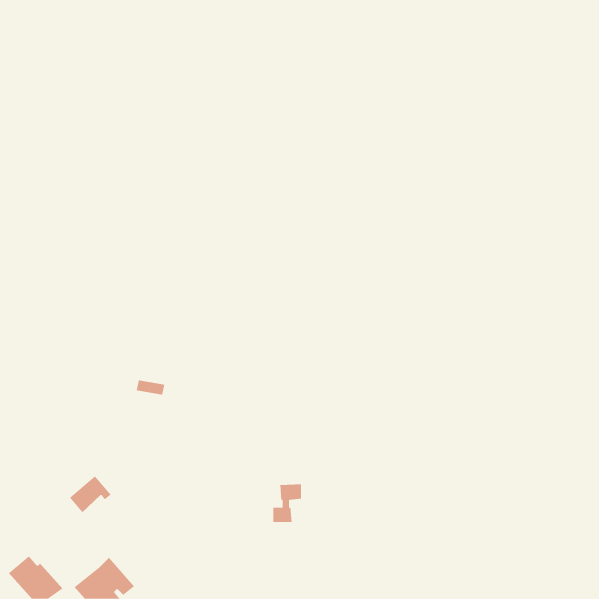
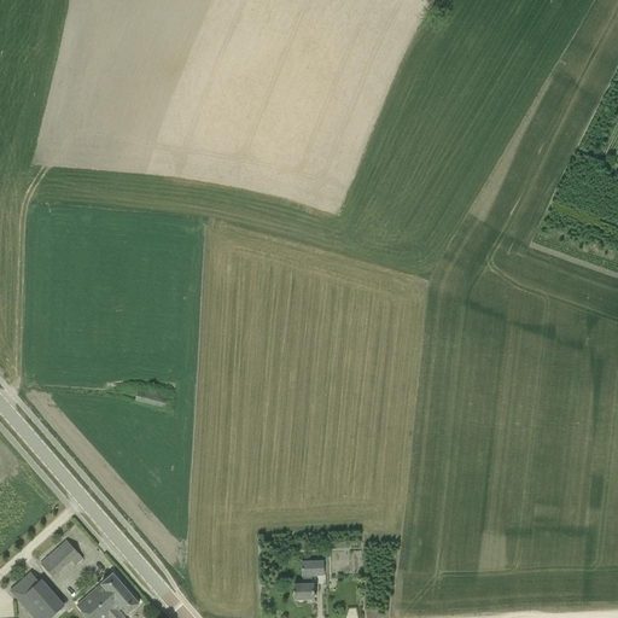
building: [69,476,111,513] -> [40,540,83,578]
building: [272,484,302,522] -> [293,560,323,600]

